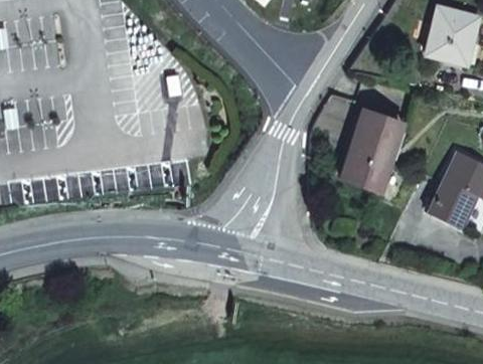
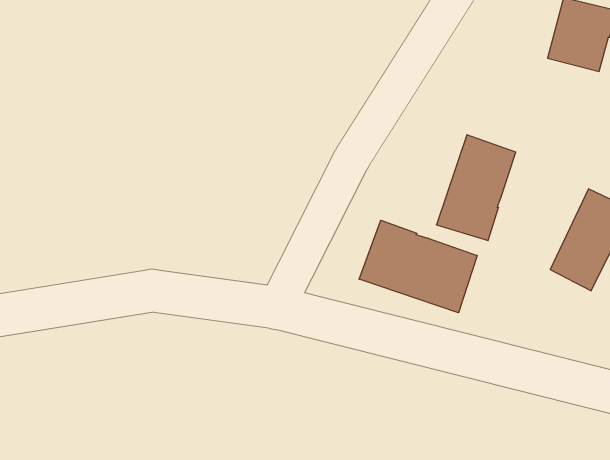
building: none -> [359,220,477,313]

